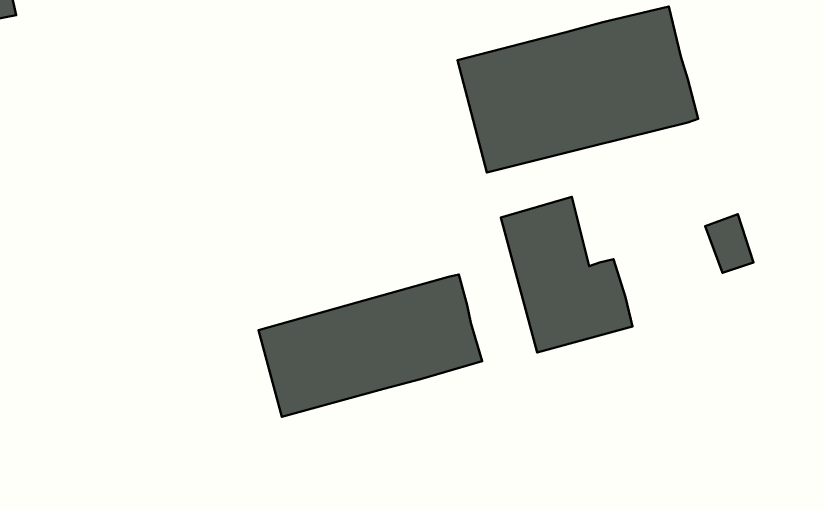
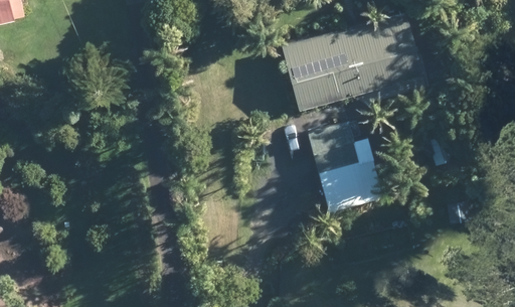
building: [258,275,482,417] -> none

